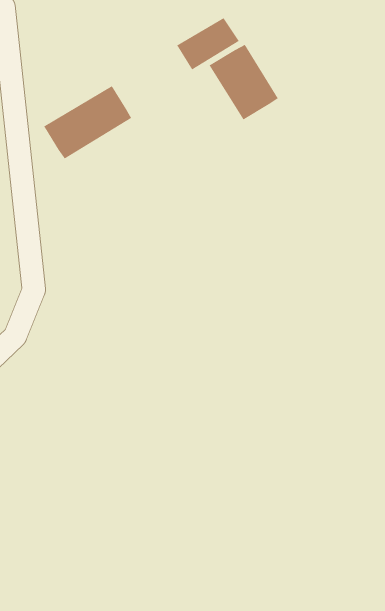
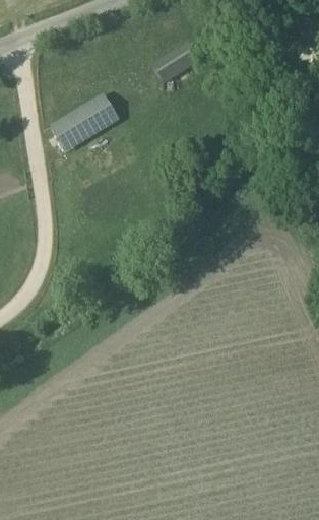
building: [209,44,279,121] -> none

